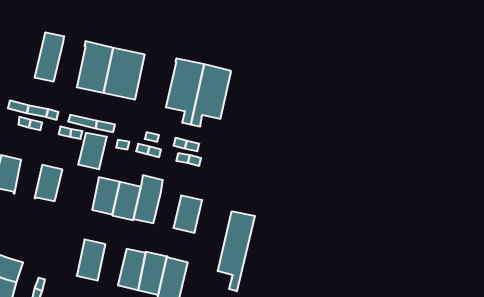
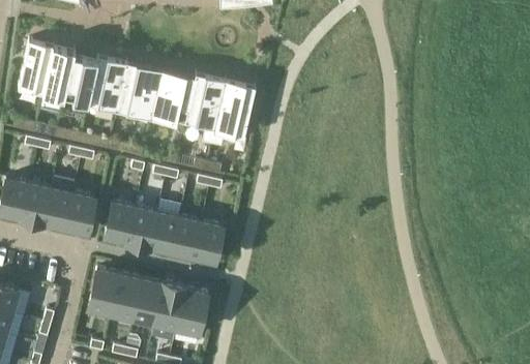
building: none -> [18,39,54,94]
building: none -> [63,55,97,104]
building: none -> [151,69,196,126]
building: [78,133,107,169] -> [64,193,95,233]
building: none -> [21,183,51,224]
building: none -> [171,217,201,256]
building: [218,211,255,291] -> none
building: none -> [111,274,142,318]

